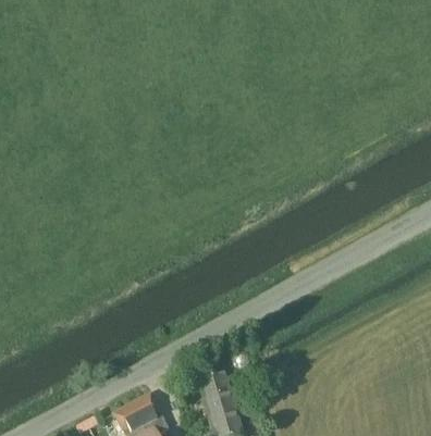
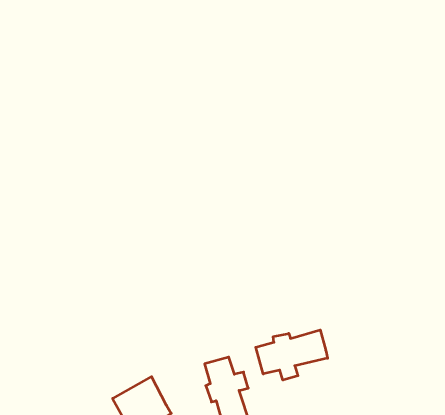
building: none -> [256,330,328,380]

